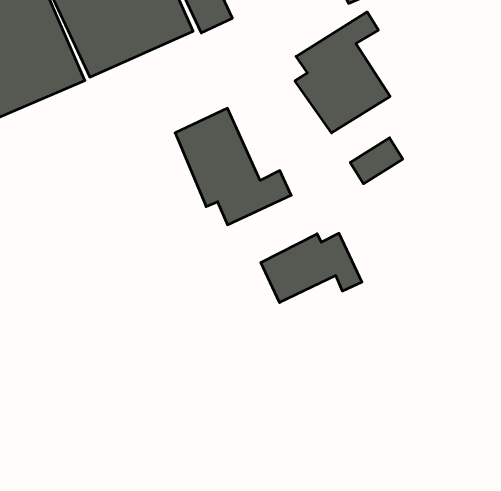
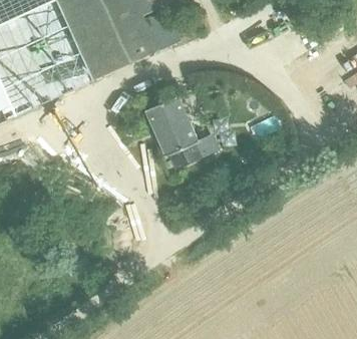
building: [295,12,390,133] -> none
building: [261,233,362,303] -> none

